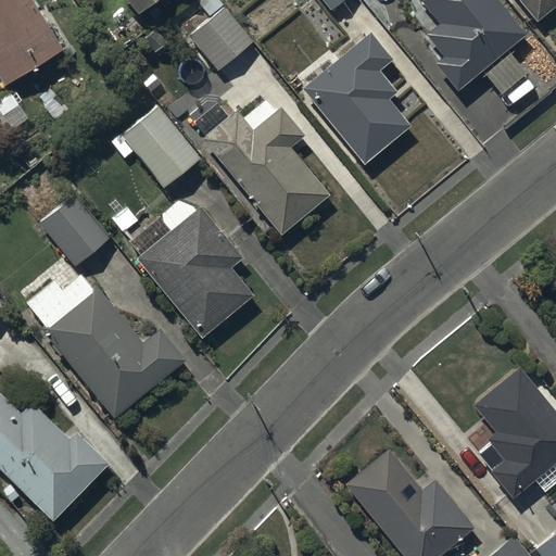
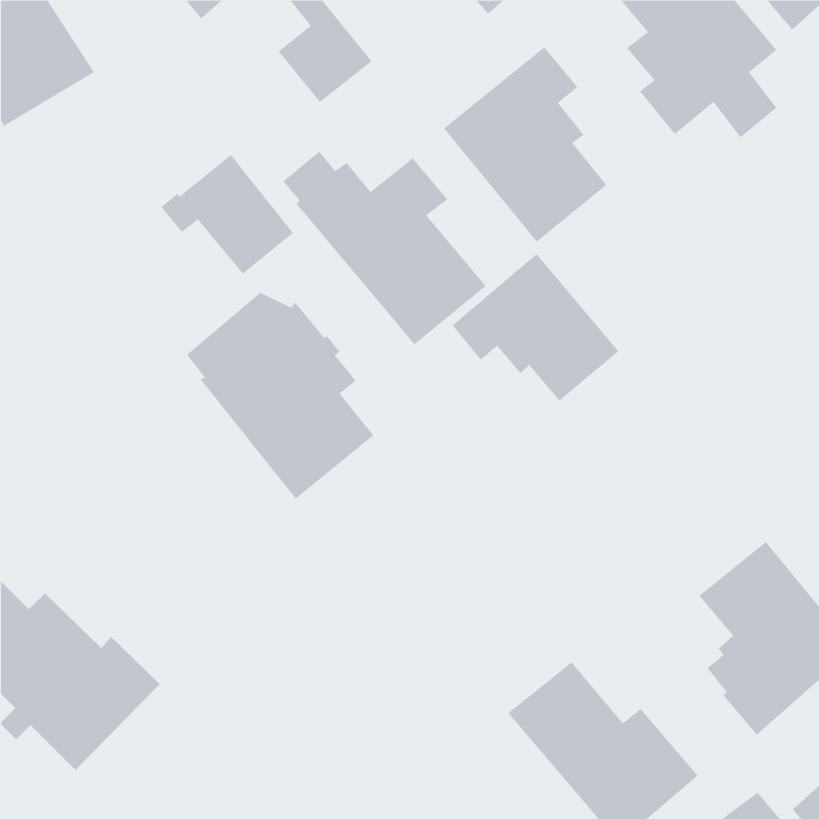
building: none -> [452,253,619,401]
building: [39,195,109,267] -> none
building: [25,275,187,419] -> none

